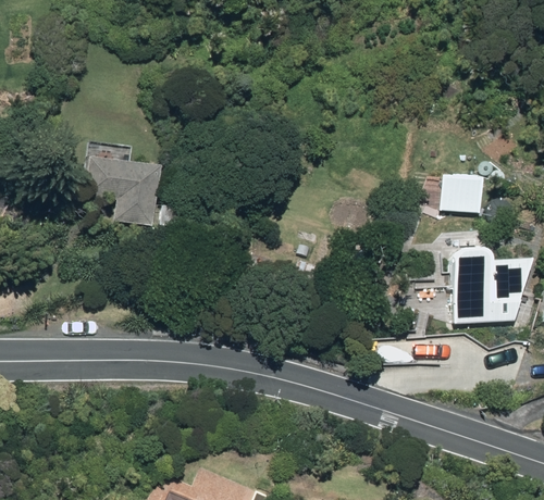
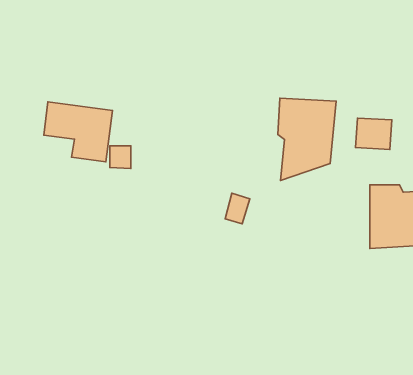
building: none -> [278,98,336,181]

